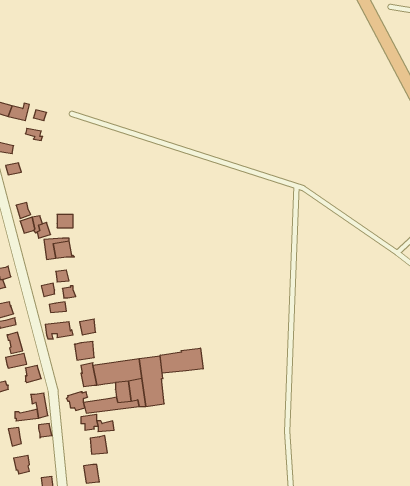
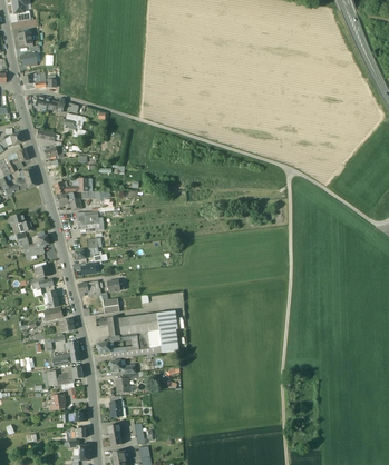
building: [160,348,203,373] -> none

